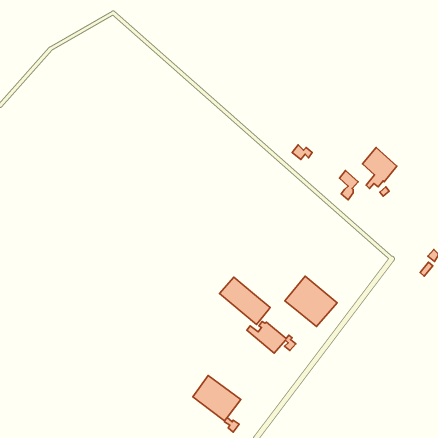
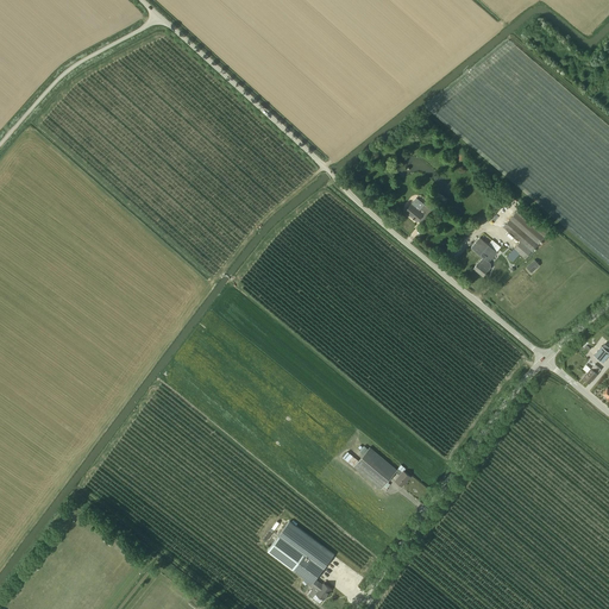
building: [285,276,337,327] -> none
building: [220,277,270,325] -> none

